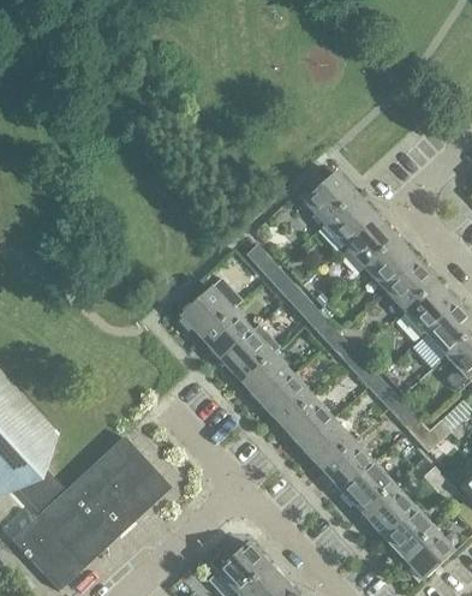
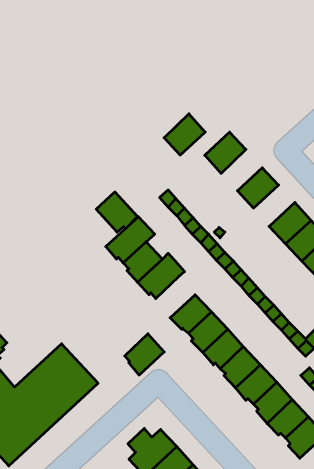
building: [324,193,376,245] -> [164,114,205,155]
building: [365,238,417,290] -> none
building: none -> [96,192,138,232]
building: [243,352,292,404] -> [125,334,164,375]

